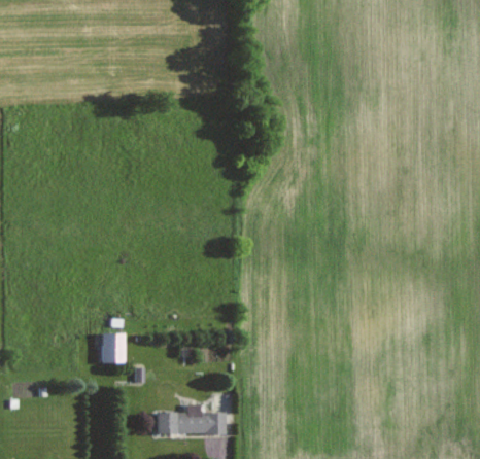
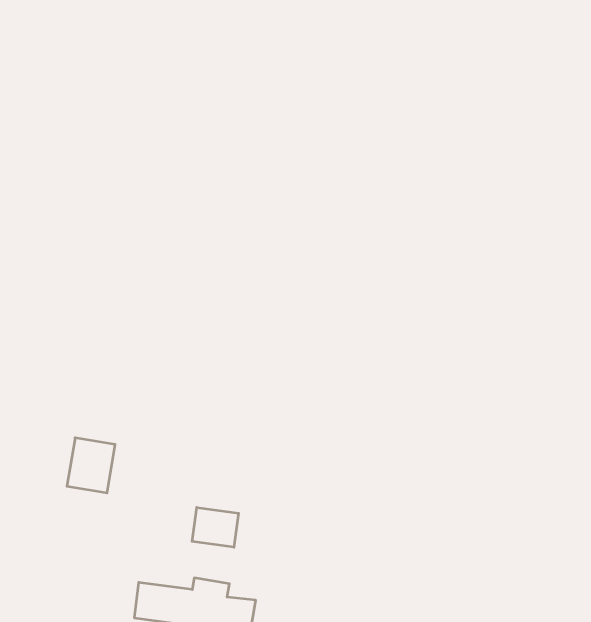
building: none -> [192,507,239,547]

